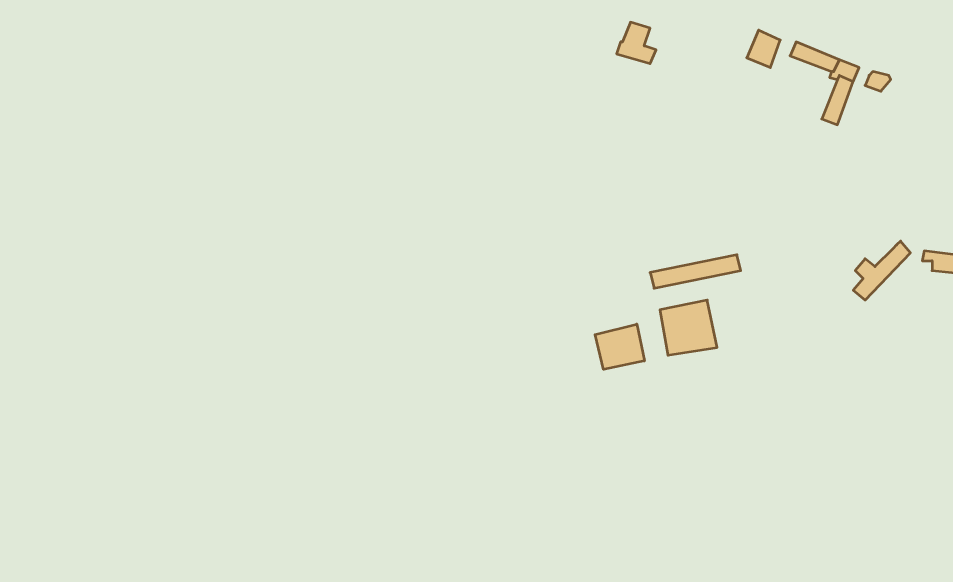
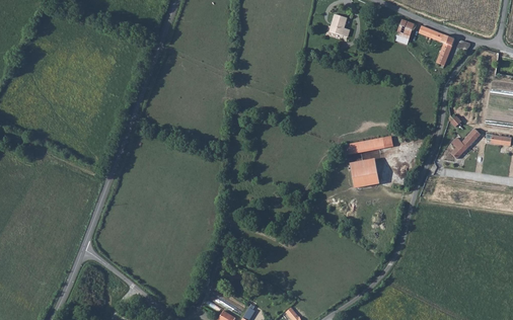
building: [595,324,644,369] -> none

